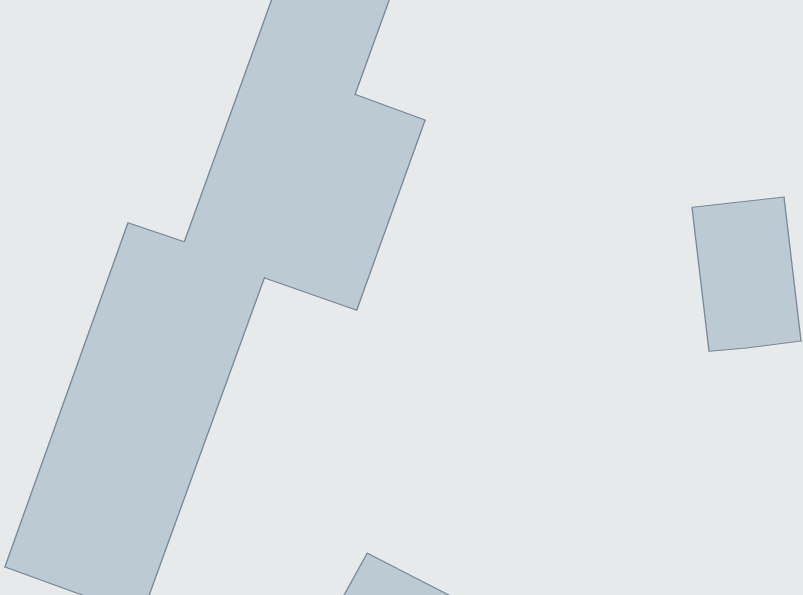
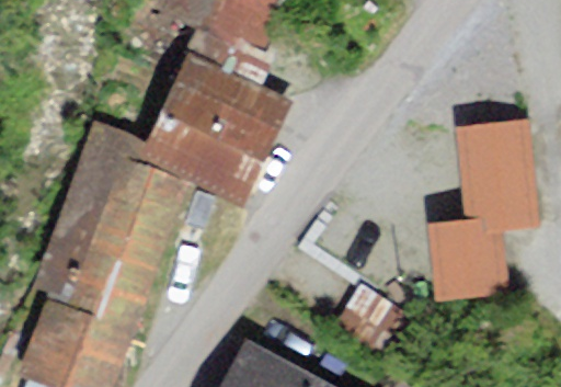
building: none -> [433,226,503,298]

